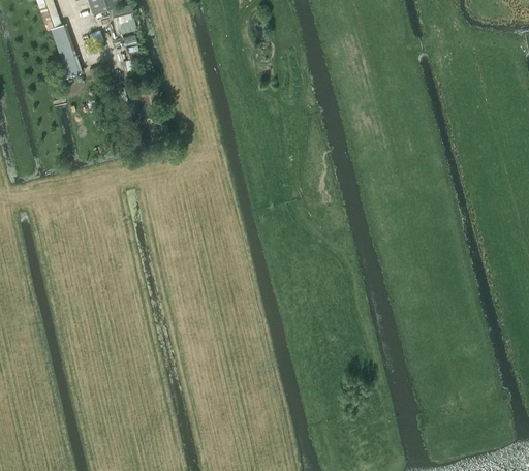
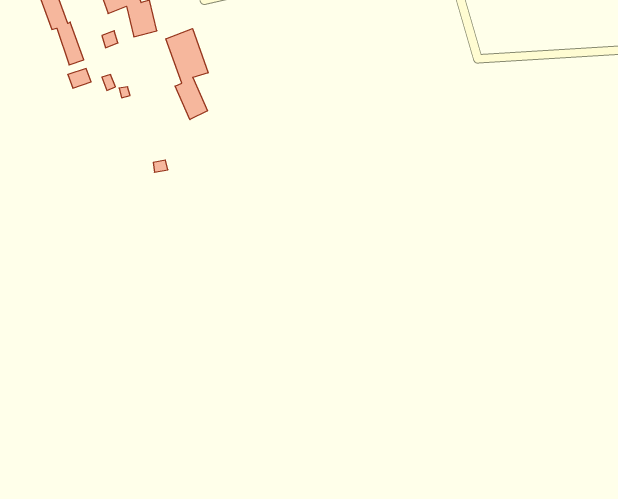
building: none -> [166,29,208,120]

